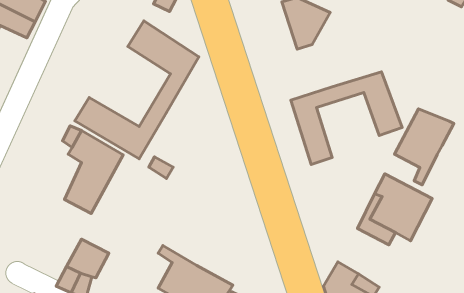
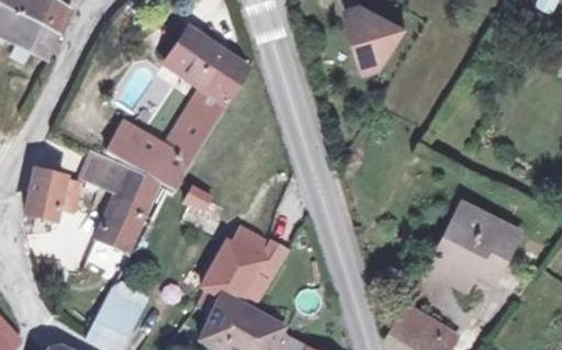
building: [291,72,402,164] -> none
building: [395,109,454,185] -> none
building: none -> [23,168,81,213]
building: none -> [203,228,291,313]

